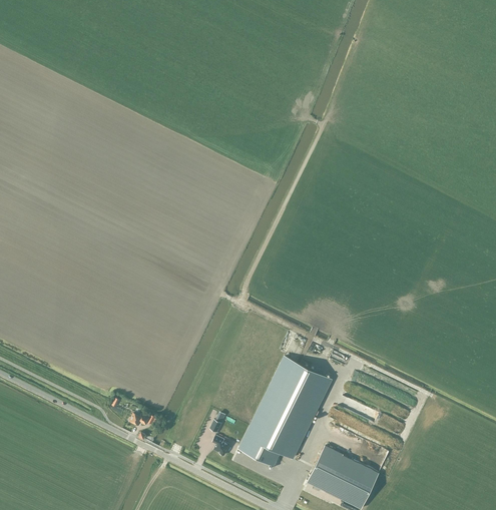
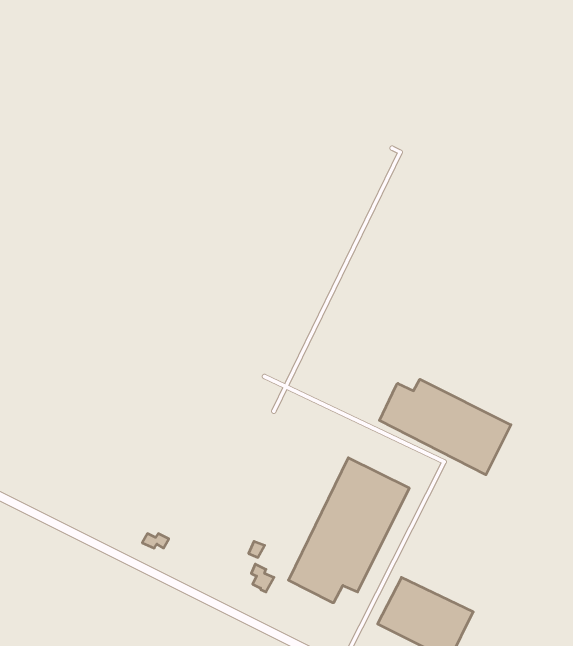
building: none -> [379,379,511,475]

